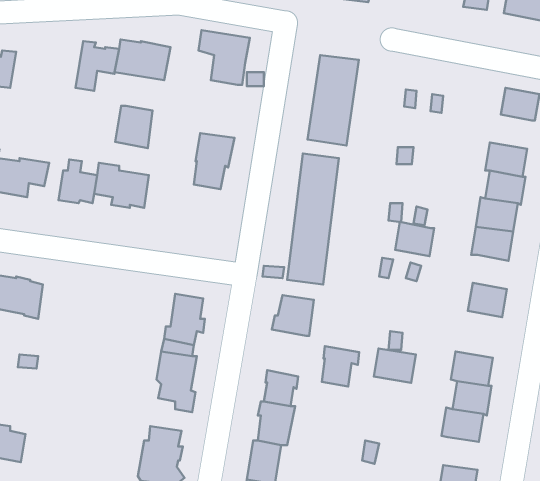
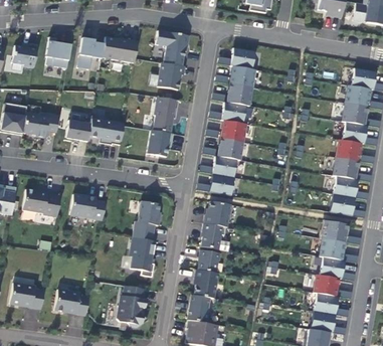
building: none -> [45,37,71,67]
building: [115,106,152,148] -> [157,62,181,90]
building: none -> [344,84,371,107]
building: none -> [147,130,173,156]
building: [395,222,434,256] -> [333,175,358,197]
building: none -> [70,193,106,219]
building: [322,346,359,387] -> [201,223,225,249]
building: [374,348,416,383] -> [322,219,349,241]
building: none -> [54,289,88,315]
building: none -> [314,293,339,314]

